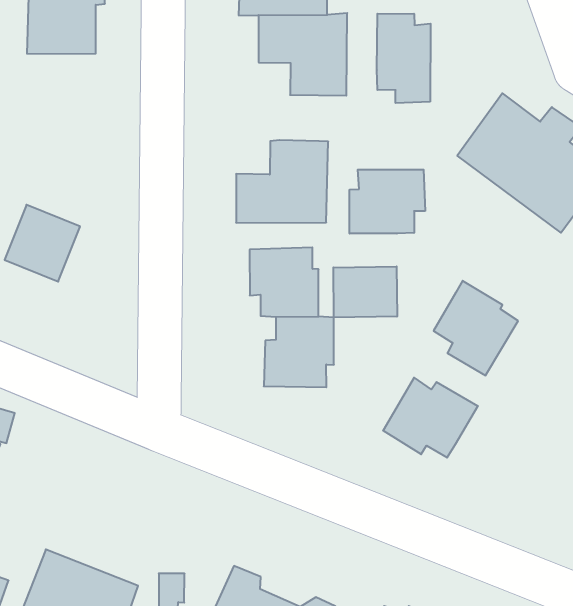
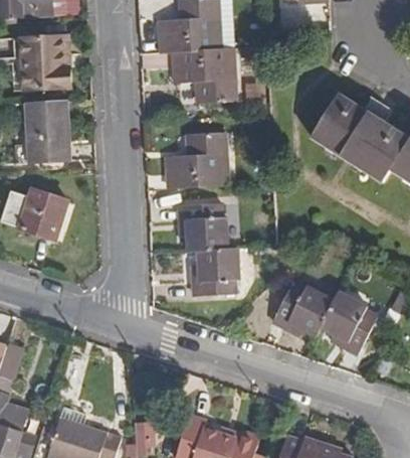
building: [377,14,431,103] -> none
building: none -> [24,98,68,161]
building: [350,170,425,234] -> none
building: [333,266,397,318] -> none
building: [434,281,518,375] -> [323,293,378,354]

